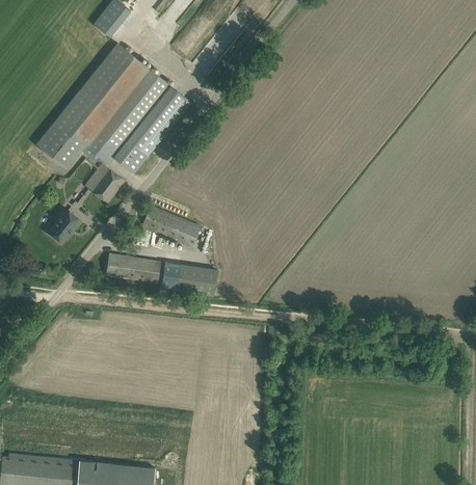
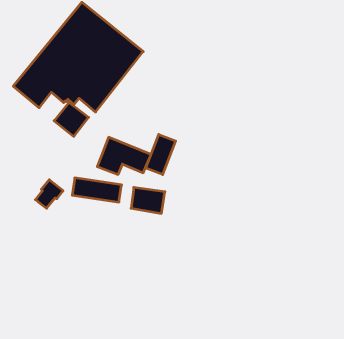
building: none -> [146,134,176,175]
building: [48,208,81,242] -> [35,180,63,208]
building: [161,262,180,290] -> none

